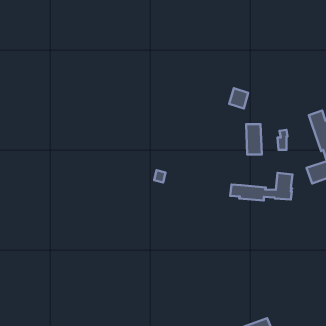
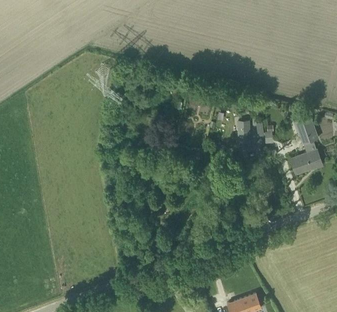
building: [230,173,293,201] -> none

